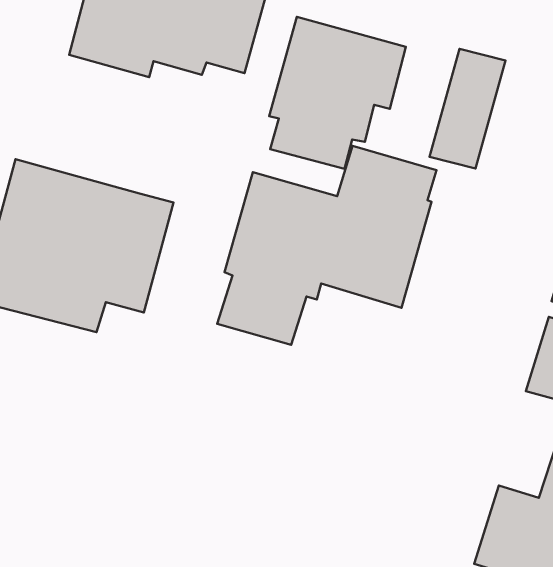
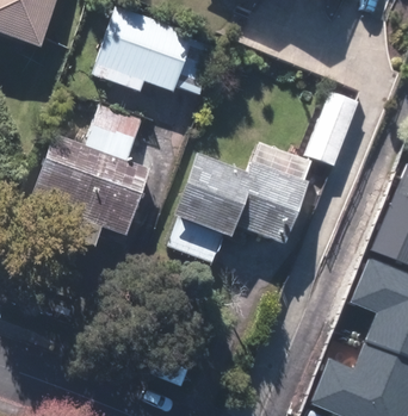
building: [269,17,406,169] -> none
building: none -> [86,103,143,161]

